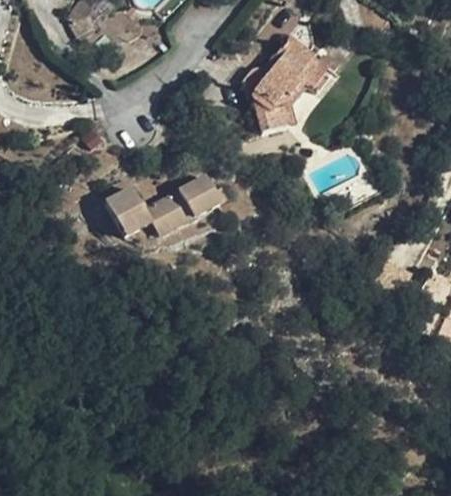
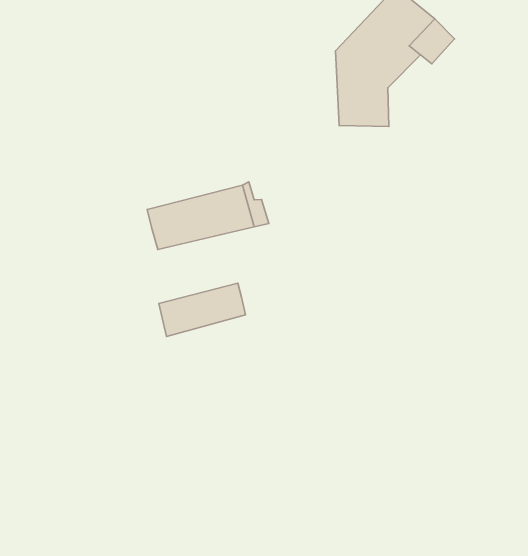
building: [100,185,145,235] -> none
building: none -> [159,283,246,337]

